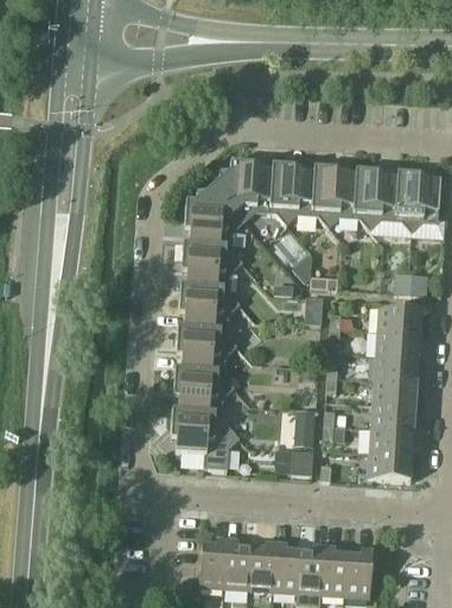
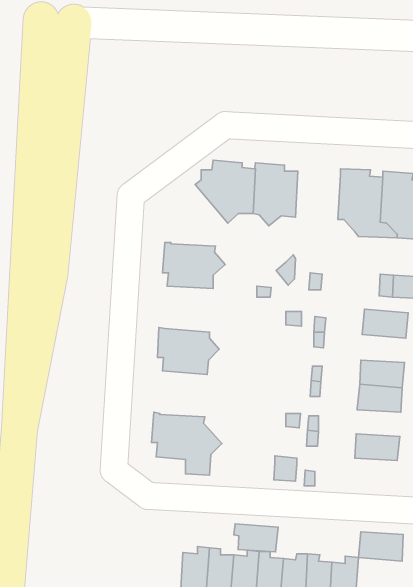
building: [312,165,356,226] -> none
building: [185,183,246,243] -> none
building: [179,281,241,328] -> none
building: [376,330,420,357] -> none
building: [173,365,235,411] -> none
building: [371,404,415,430] -> none
building: [368,451,412,480] -> [359,532,403,561]
building: none -> [234,524,278,552]

